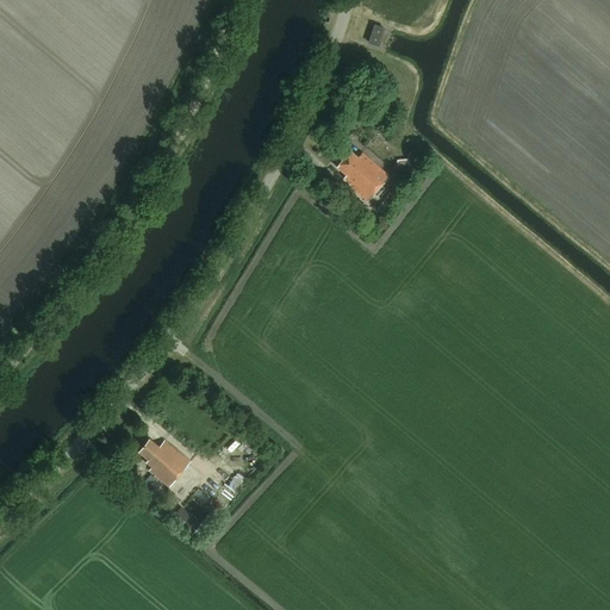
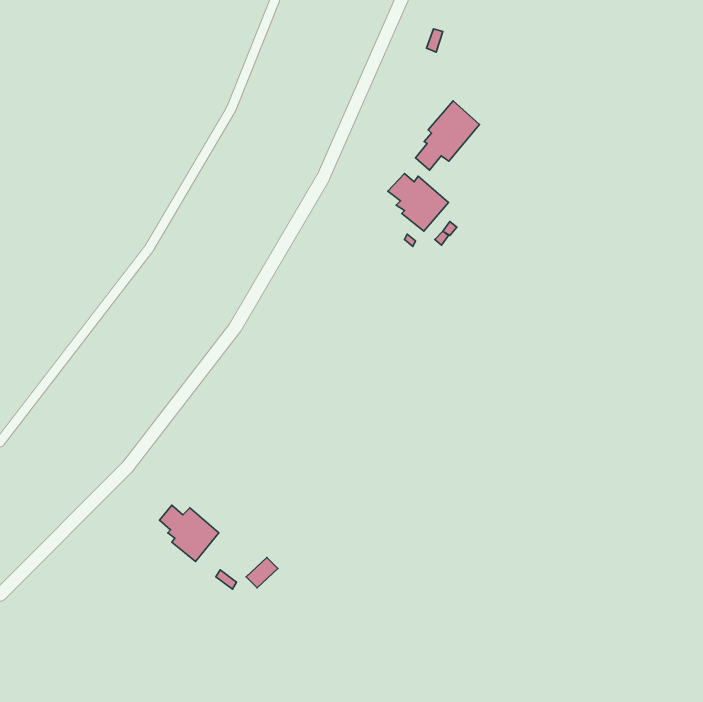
building: none -> [415,101,480,170]

